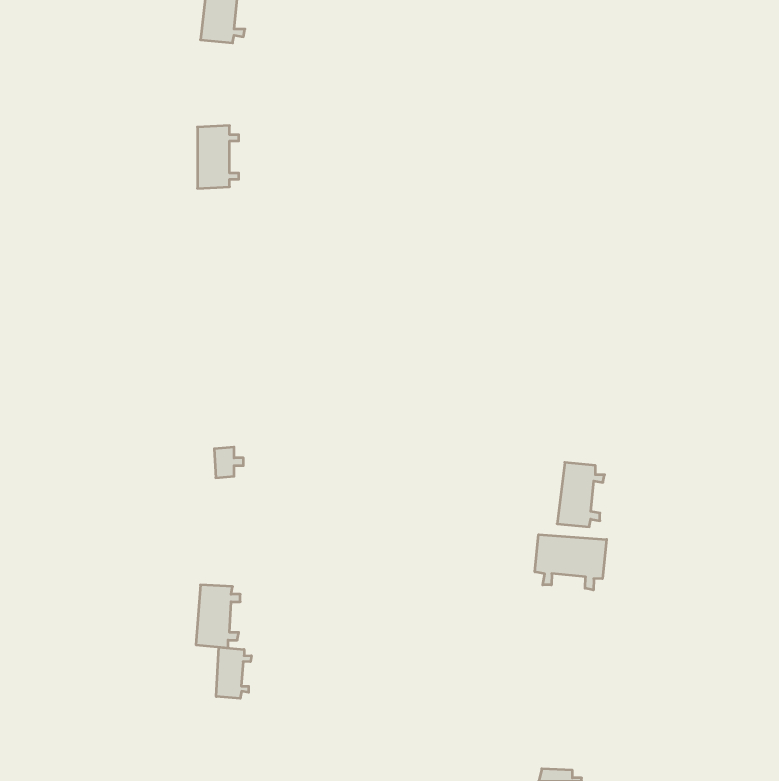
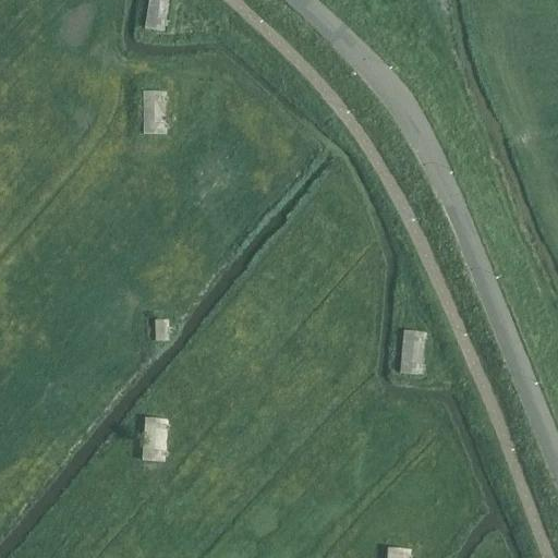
building: [535,535,607,590] -> none
building: [216,647,251,698] -> none

